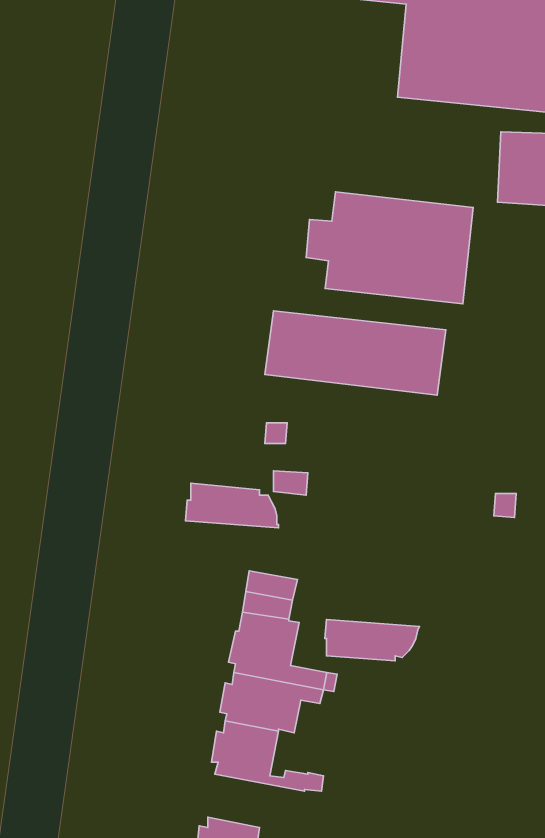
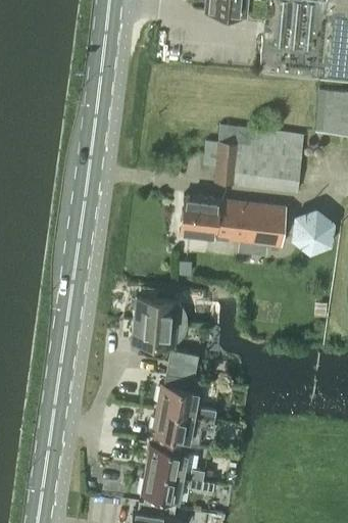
building: none -> [293,207,337,255]
building: [325,620,419,661] -> [132,321,188,345]
building: none -> [142,471,203,503]

